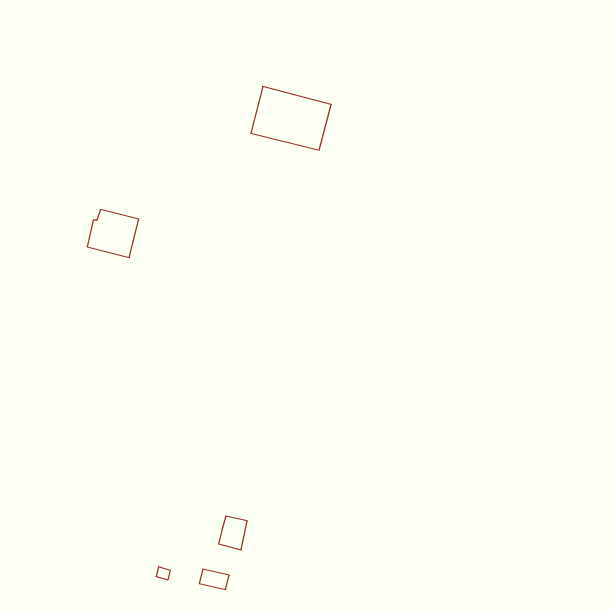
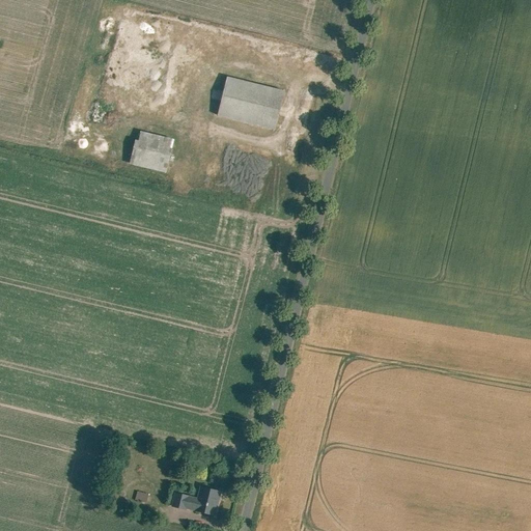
building: [87,210,139,258] -> [130,131,174,172]
building: [219,516,247,550] -> [195,485,220,514]

